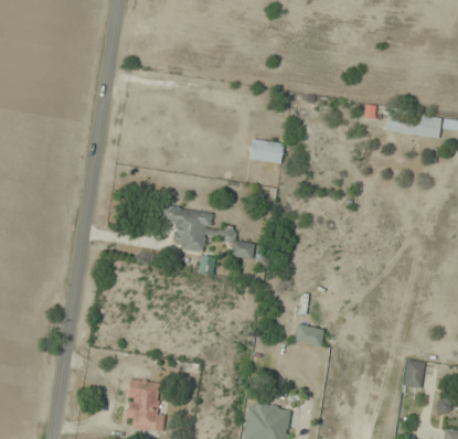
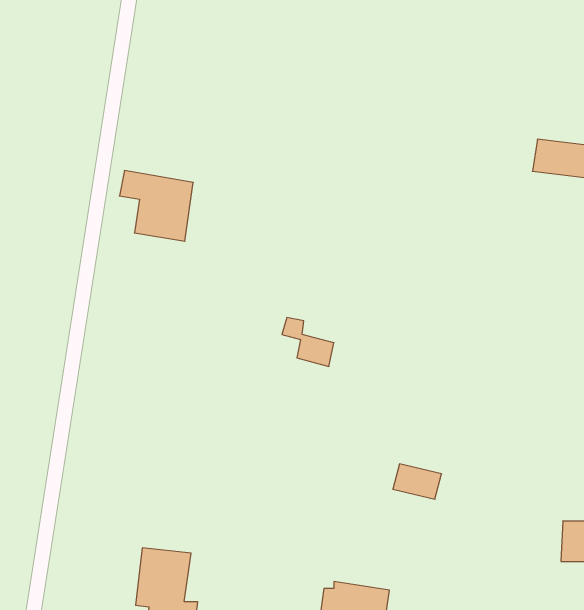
building: [251,138,284,163] -> none
building: [163,205,212,251] -> [119,171,193,241]

